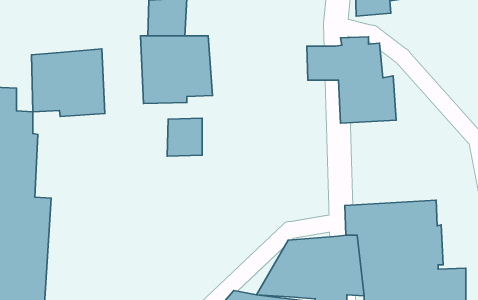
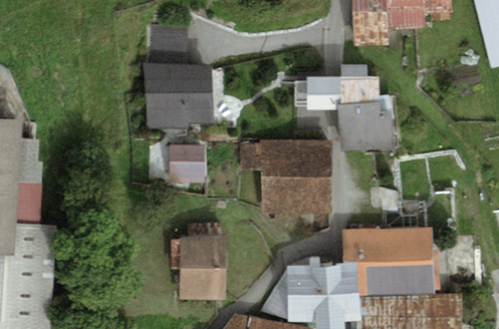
building: [32,49,105,116] -> none
building: none -> [239,139,331,214]
building: none -> [170,232,226,299]

